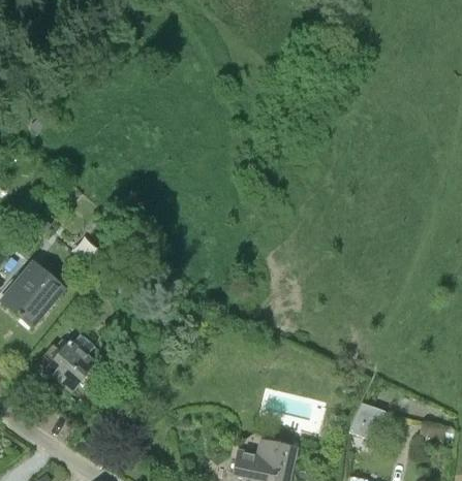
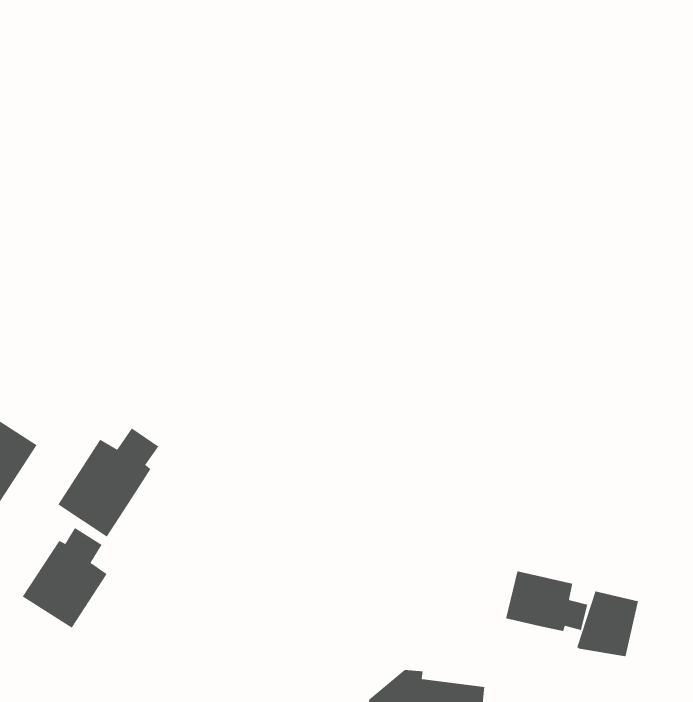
building: none -> [57,427,159,538]
building: none -> [506,571,588,632]

